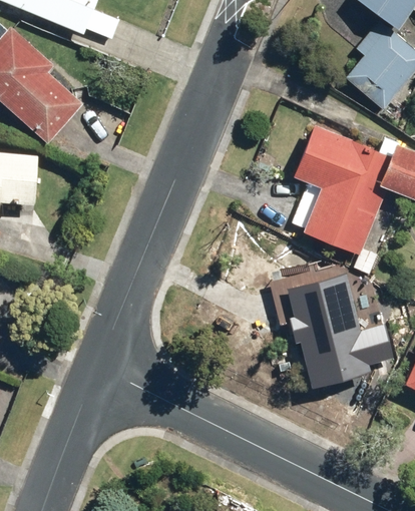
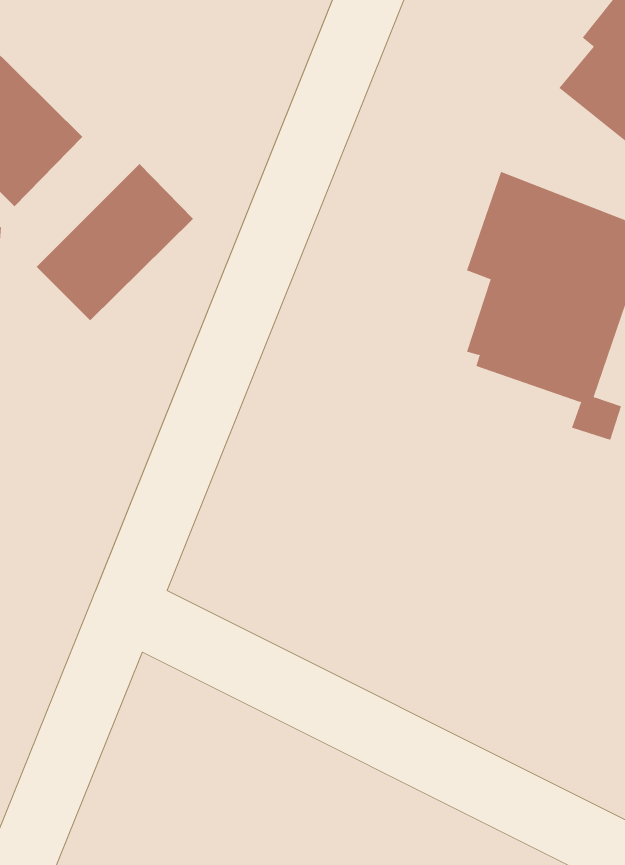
building: none -> [36,163,194,321]
building: [282,273,371,389] -> none

